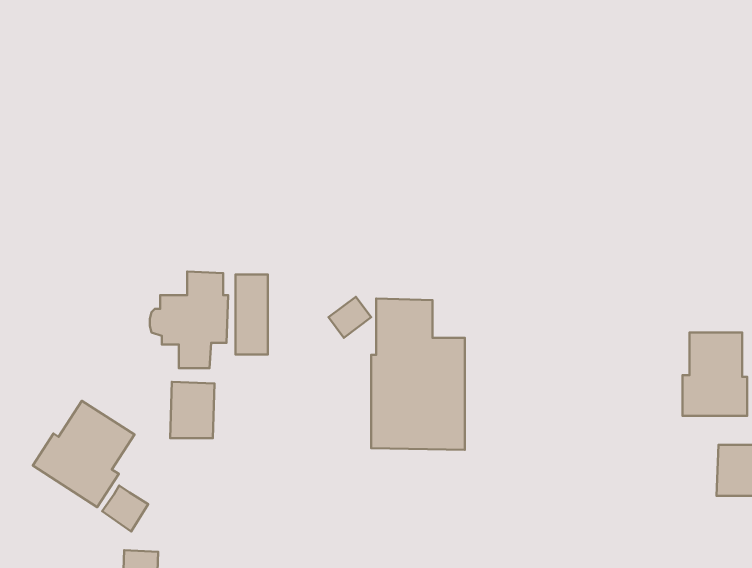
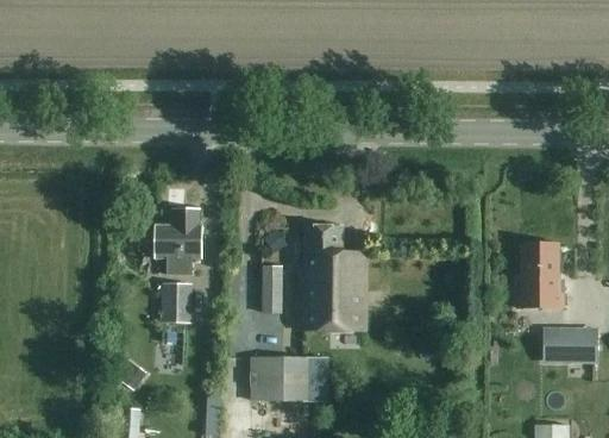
building: [235,274,268,354] -> [260,267,283,323]
building: [33,401,134,507] -> none
building: none -> [250,356,318,401]

